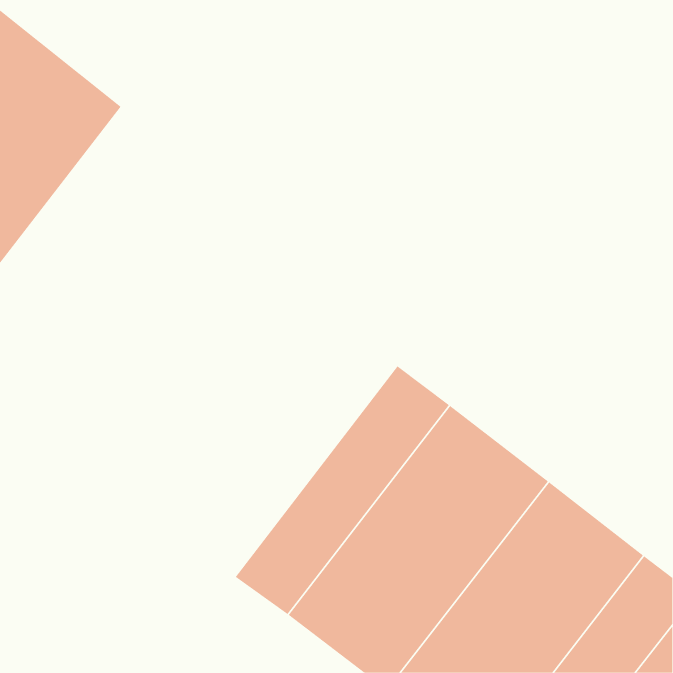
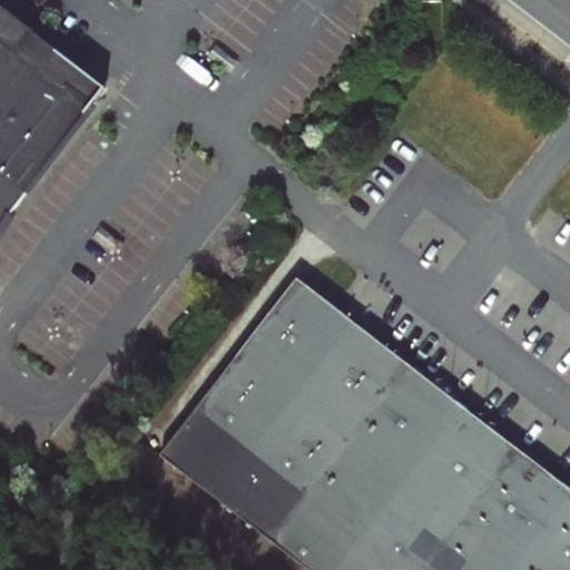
building: none -> [159,278,335,487]

